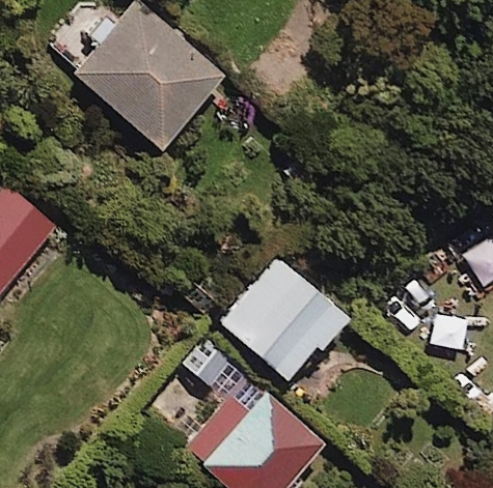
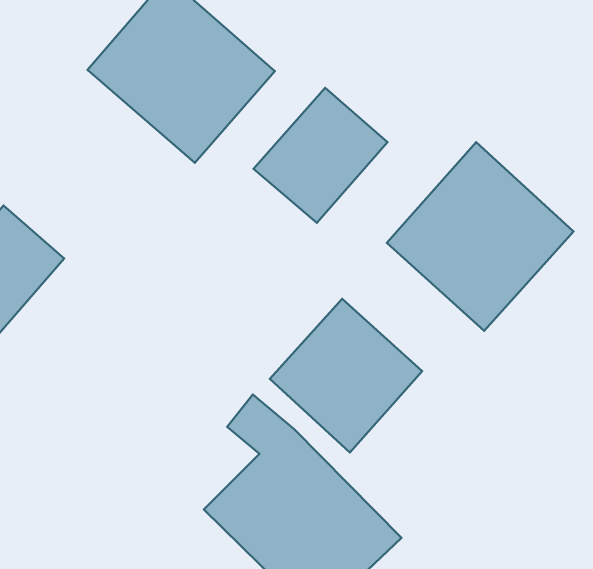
building: none -> [254,88,387,223]
building: none -> [387,142,574,331]

